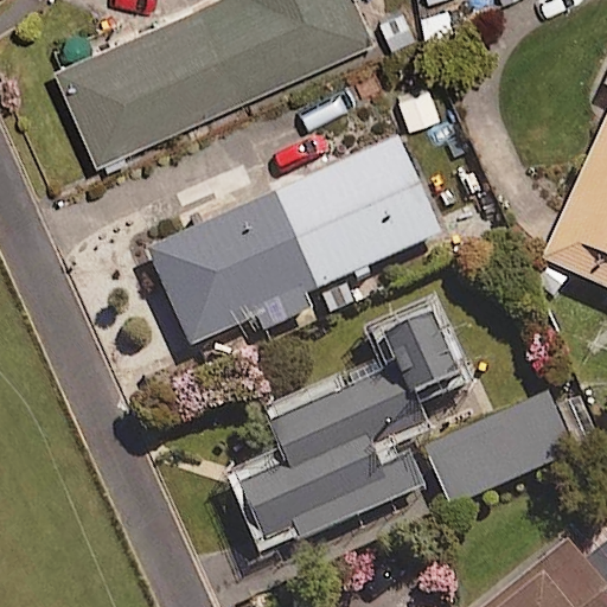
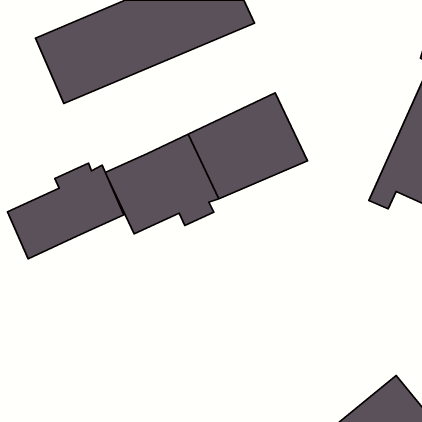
building: none -> [8,163,124,259]
building: [236,312,468,542] -> none
building: [427,394,569,504] -> none

